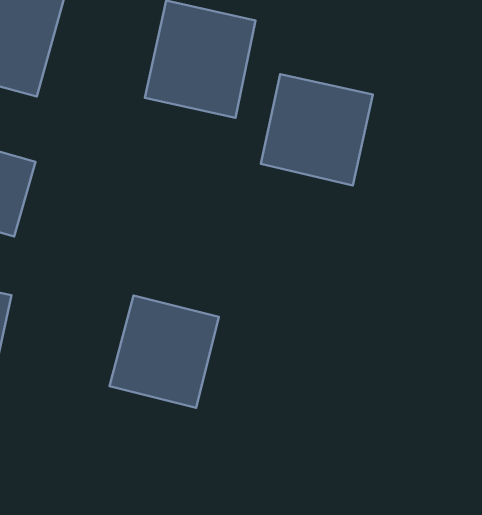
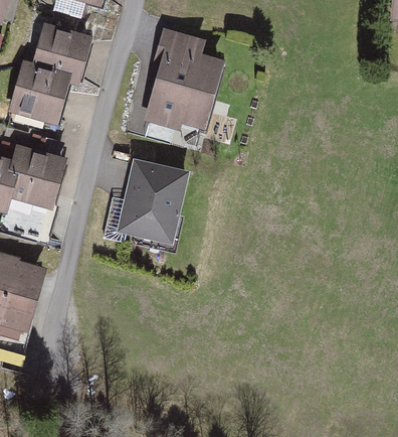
building: [261,74,373,185] -> none
building: [110,296,219,408] -> [108,166,190,251]

